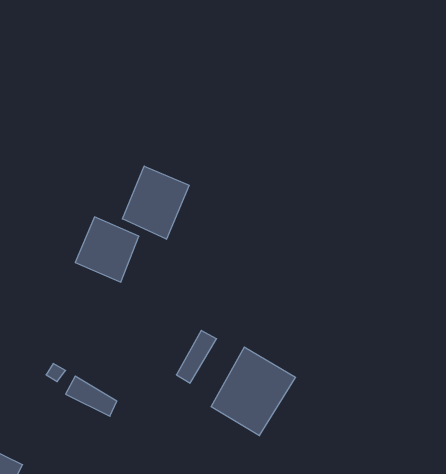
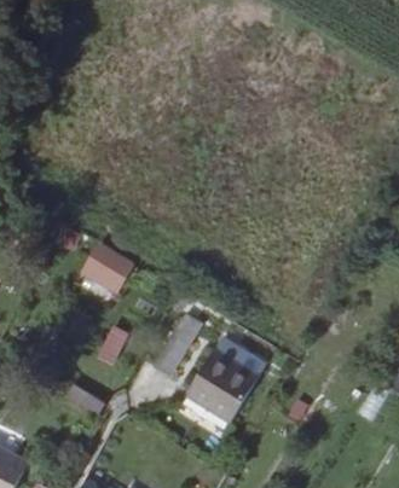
building: [122,166,189,239] -> none

